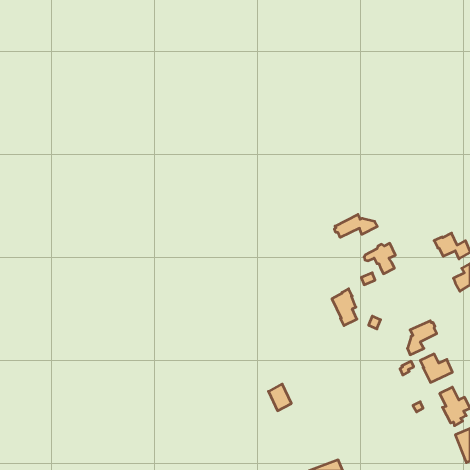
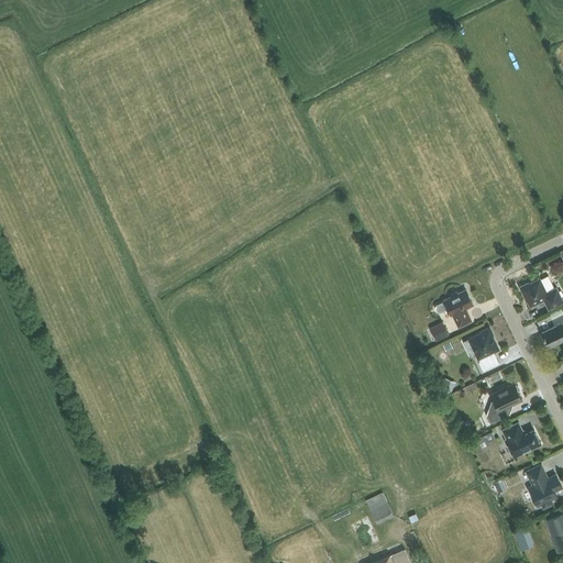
building: [334,214,377,237] -> none
building: [332,289,357,326] -> [468,328,498,372]
building: [268,384,291,411] -> [365,493,393,525]

